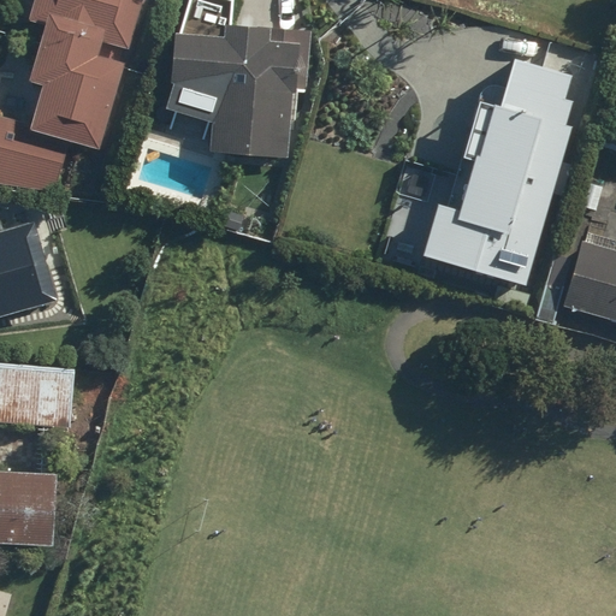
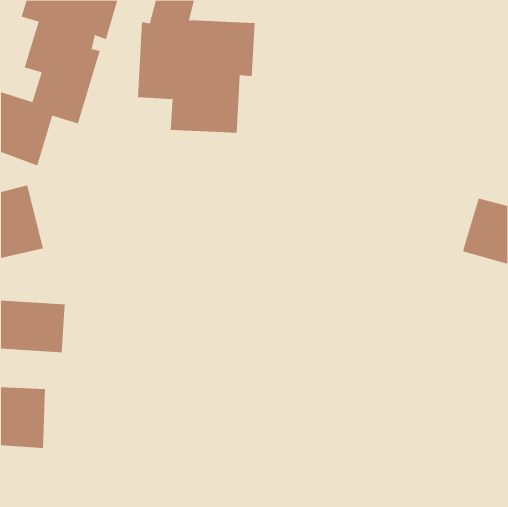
building: [427,28,571,282] -> none

